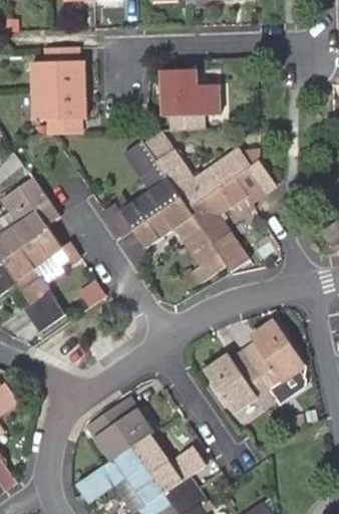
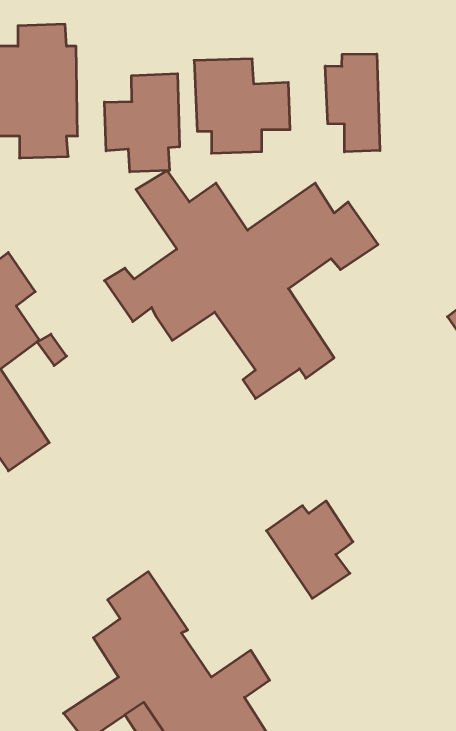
building: none -> [325,54,380,152]
building: none -> [104,74,179,172]
building: [243,320,304,403] -> none

